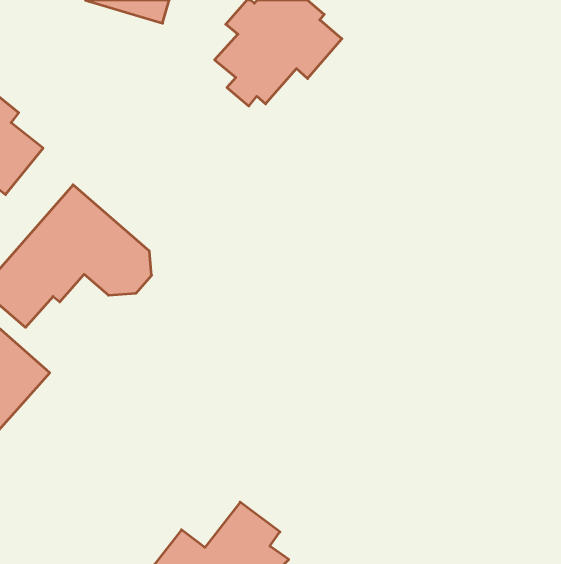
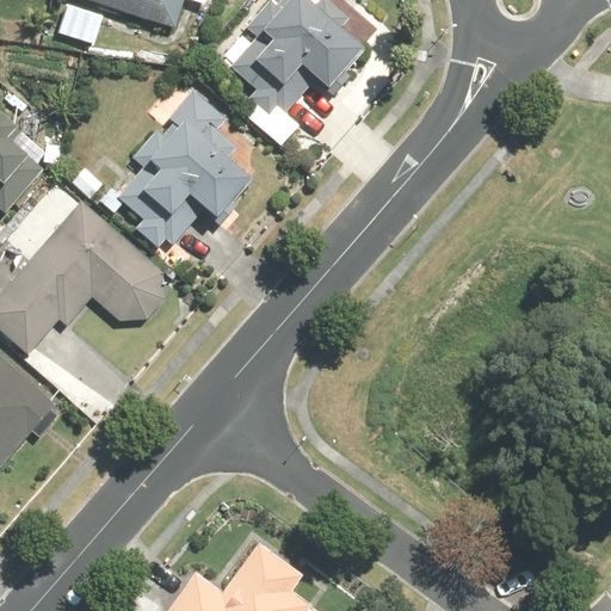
building: none -> [117,88,260,248]

